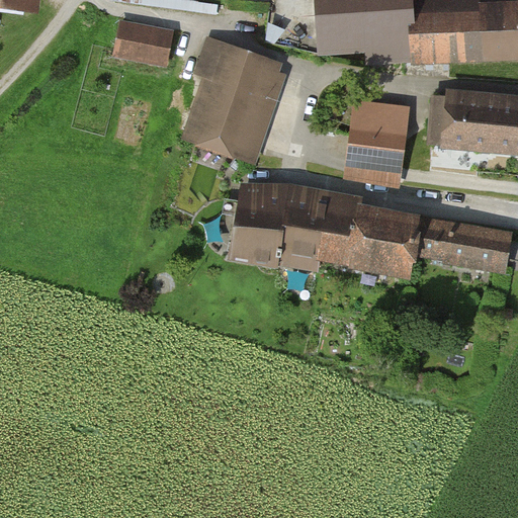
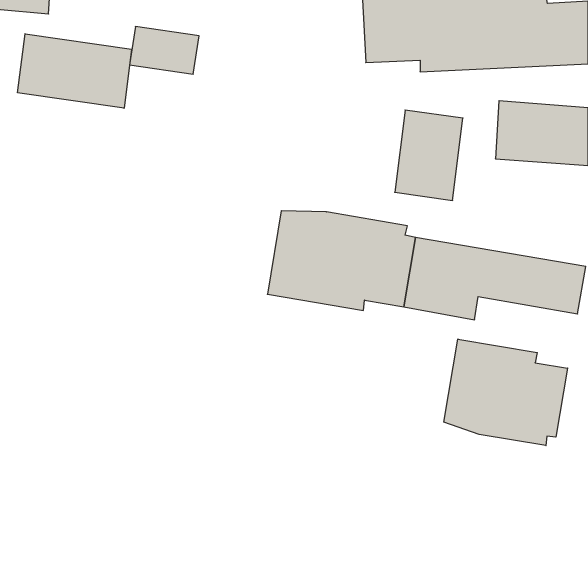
building: none -> [18,34,132,108]
building: [179,38,288,163] -> none
building: none -> [444,339,568,446]

